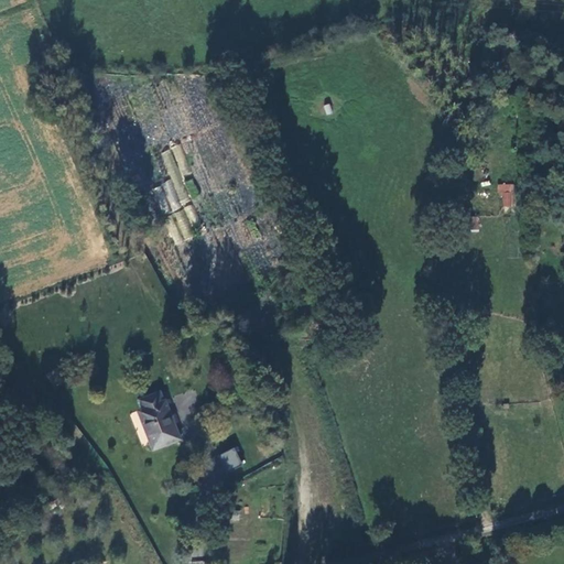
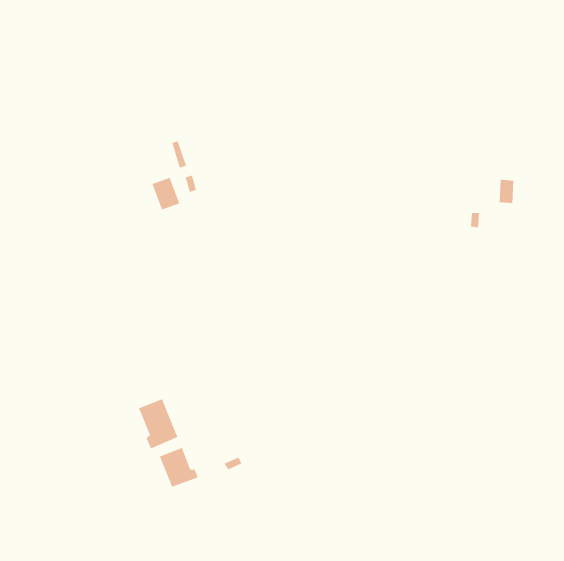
building: none -> [159,447,198,488]

